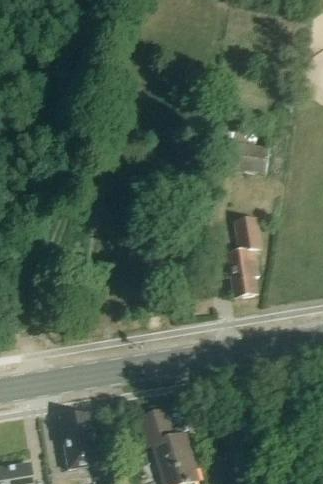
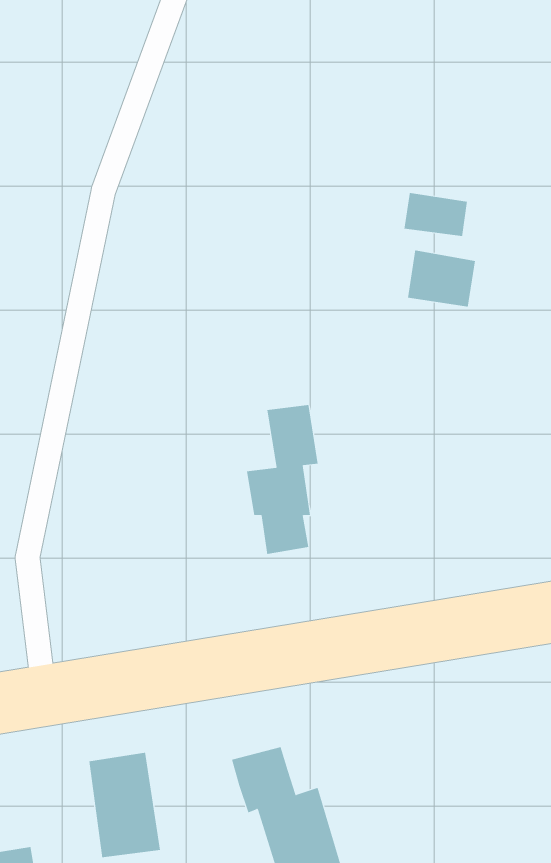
building: none -> [404,192,468,237]
building: [224,218,263,299] -> [246,404,318,555]

